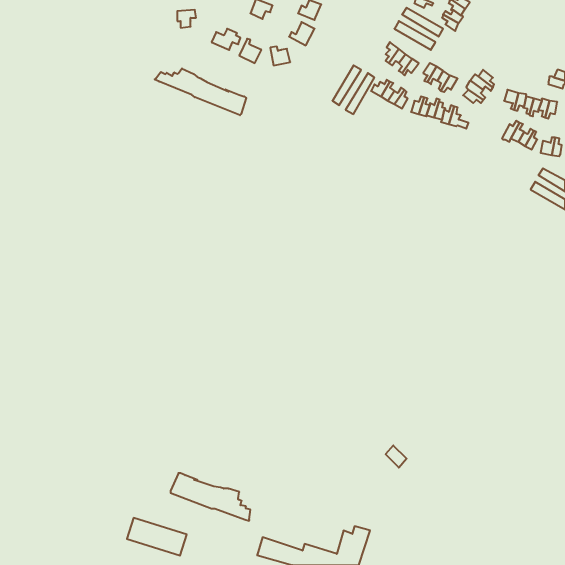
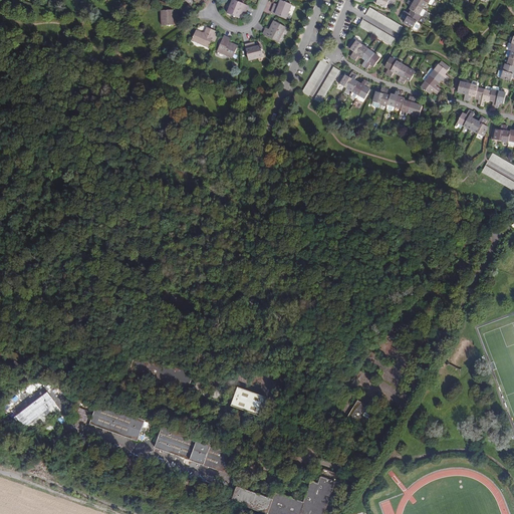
building: [155,68,246,115] -> none
building: none -> [231,387,267,416]
building: none -> [15,392,60,433]
building: [127,518,187,556] -> [89,406,144,440]

